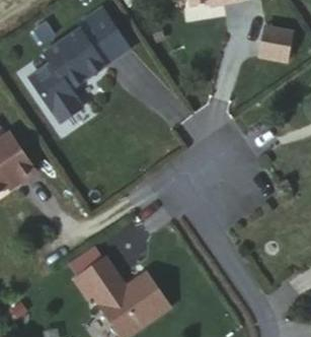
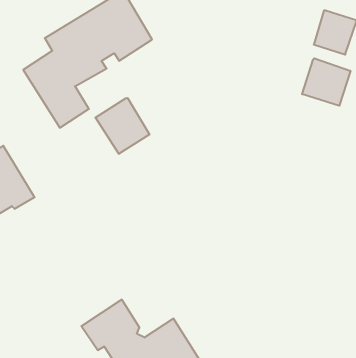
building: none -> [302,58,350,106]
building: none -> [95,98,149,154]

